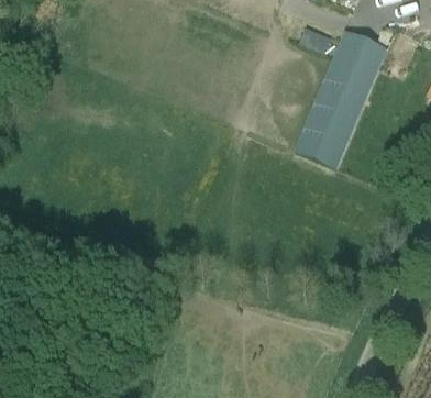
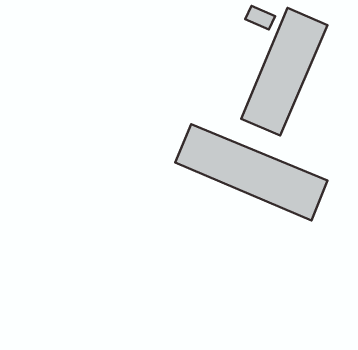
building: none -> [175,124,327,220]

